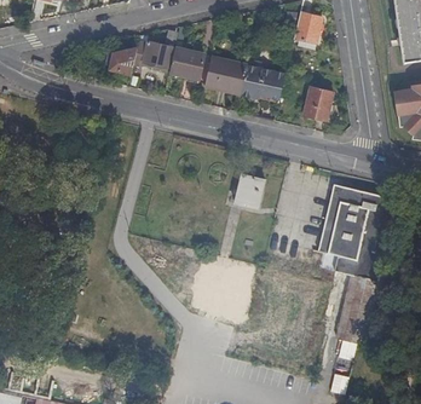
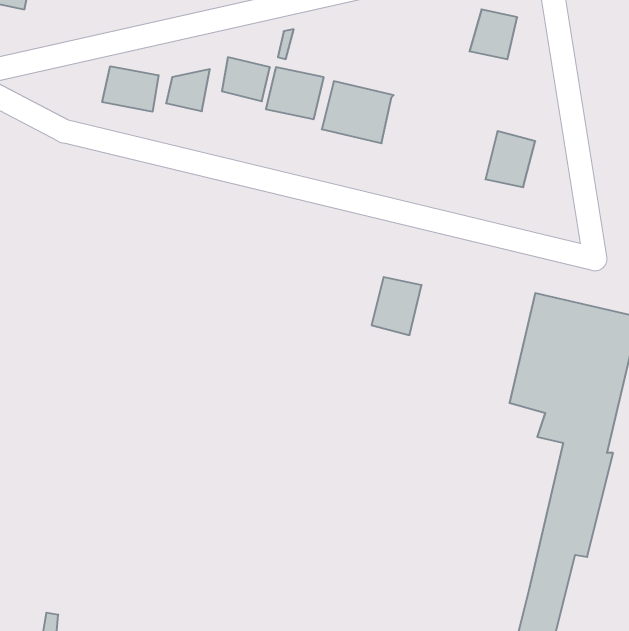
building: none -> [102,66,158,112]
building: [240,65,284,99] -> none

